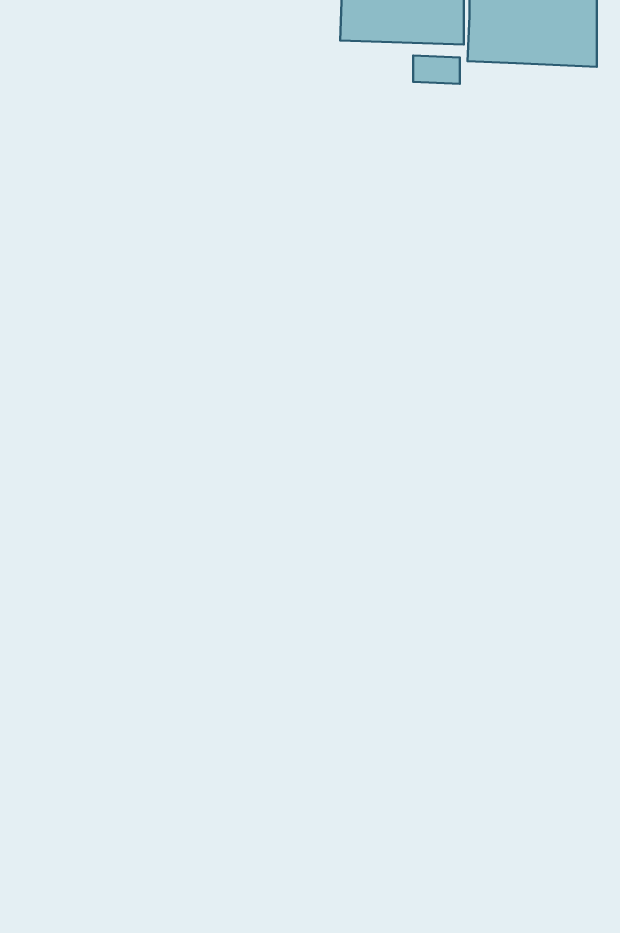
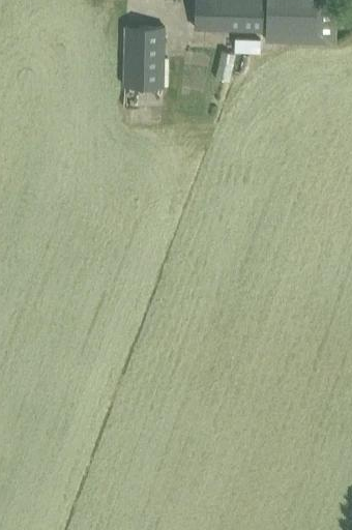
building: none -> [121,26,165,88]

